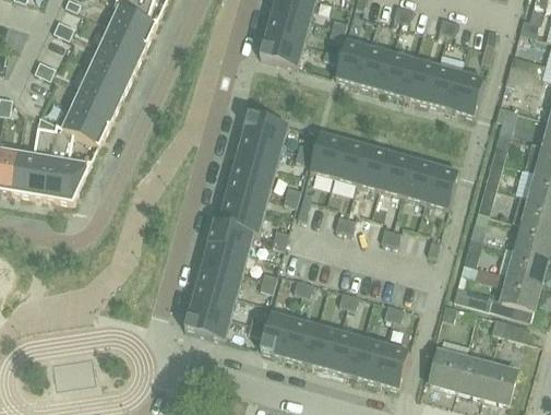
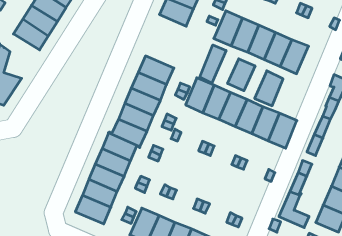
building: [450,69,483,114] -> [255,71,283,106]
building: none -> [200,45,226,83]
building: none -> [228,59,255,91]
building: [62,105,109,142] -> none

